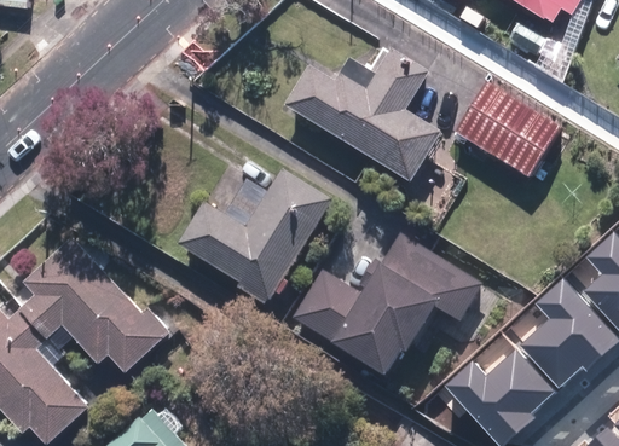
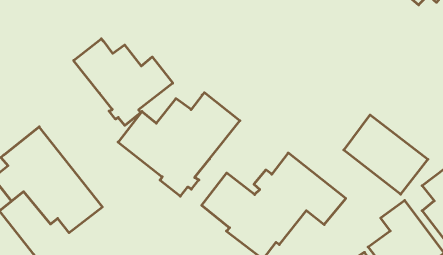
building: [285,47,435,180] -> none
building: [458,80,569,179] -> [344,115,428,194]
building: none -> [74,39,173,125]

